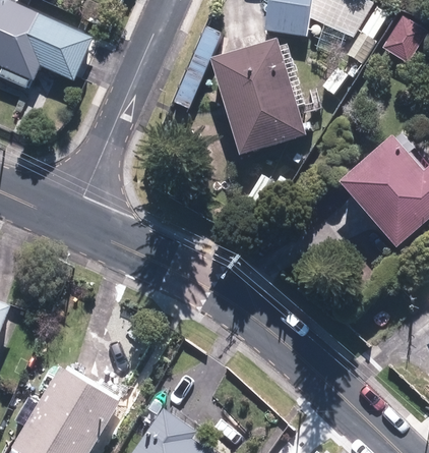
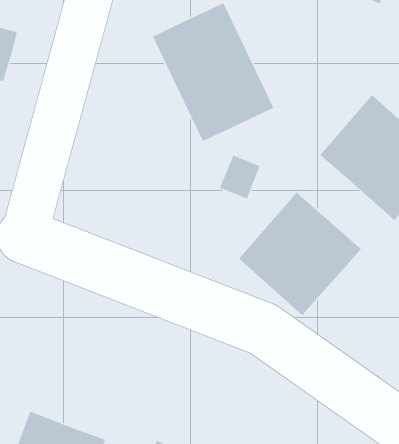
building: none -> [238,192,362,316]

